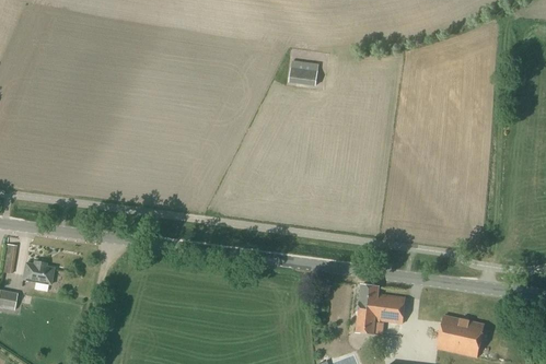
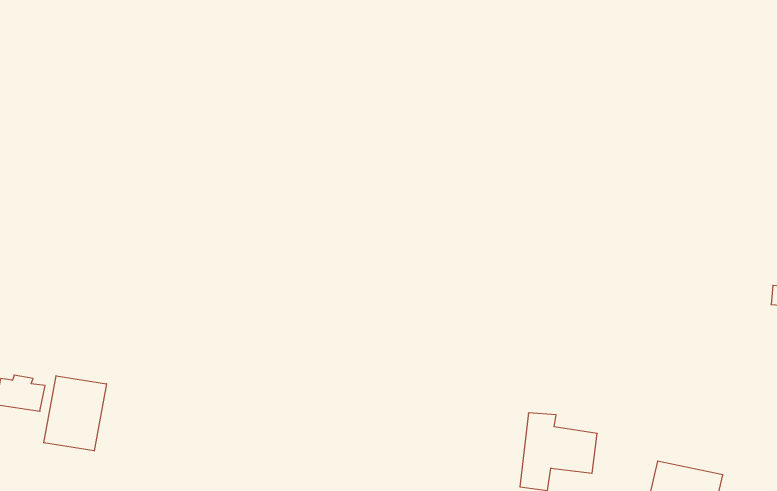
building: [288,67,317,85] -> none
building: none -> [44,376,107,451]

